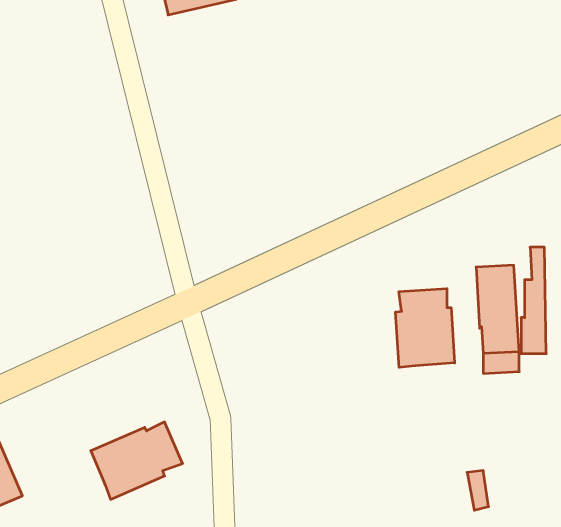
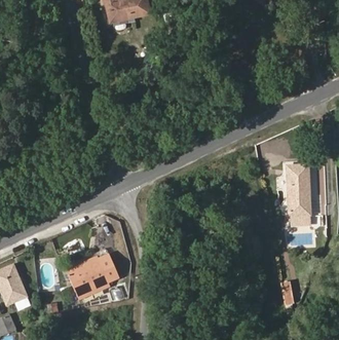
building: [396,289,455,367] -> none

